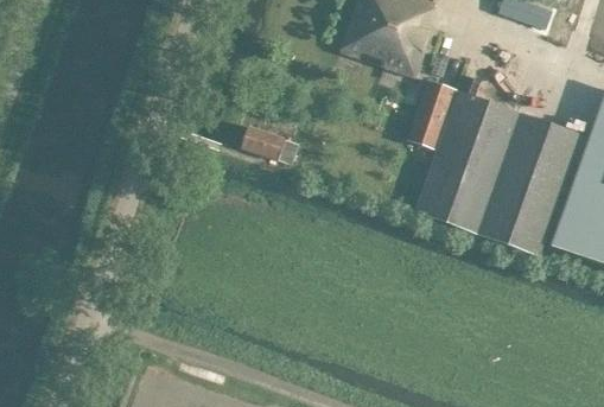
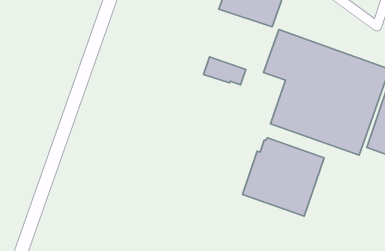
building: [240,123,299,163] -> [203,57,246,85]
building: none -> [243,138,324,216]

